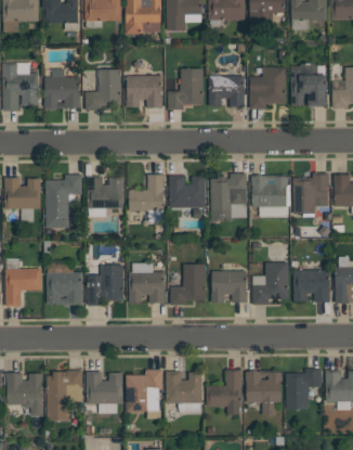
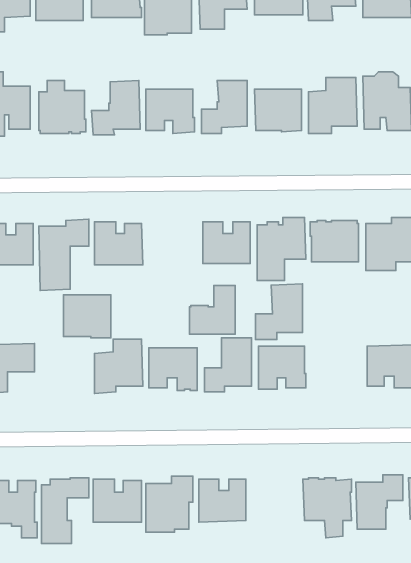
building: [129,173,164,210] -> [190,286,235,334]
building: [252,261,288,304] -> [255,284,303,339]
building: [47,272,82,305] -> [64,295,111,338]
building: [206,369,241,414] -> none

